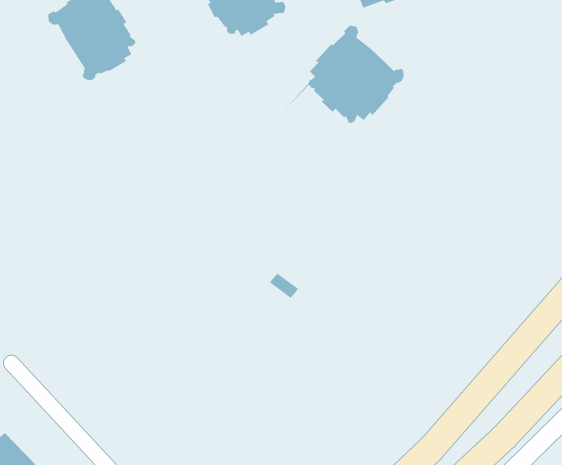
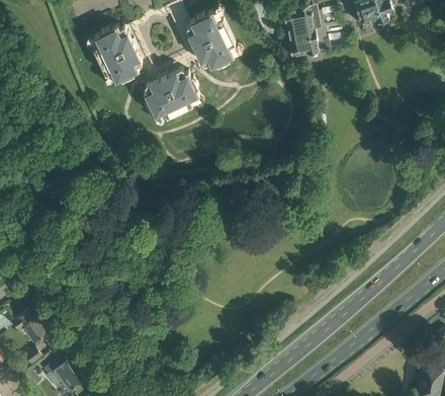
building: [282,25,405,124] -> none
building: none -> [143,69,203,124]

